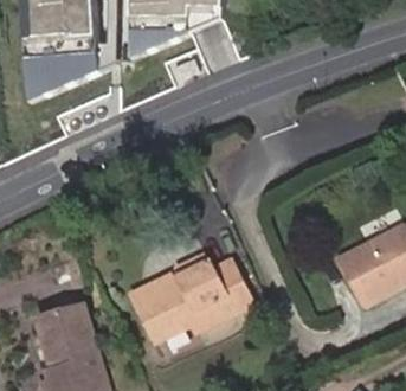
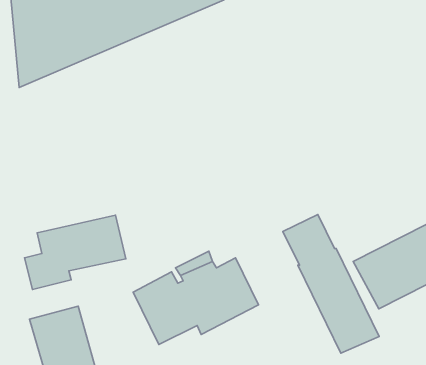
building: none -> [283,215,379,353]
building: none -> [24,215,126,290]

